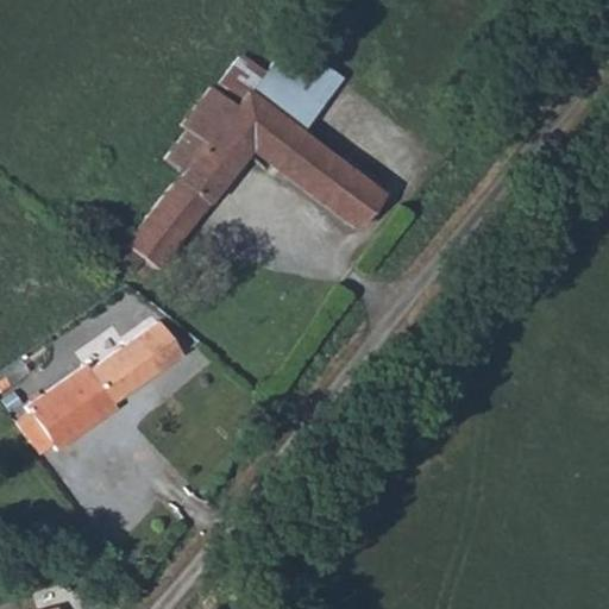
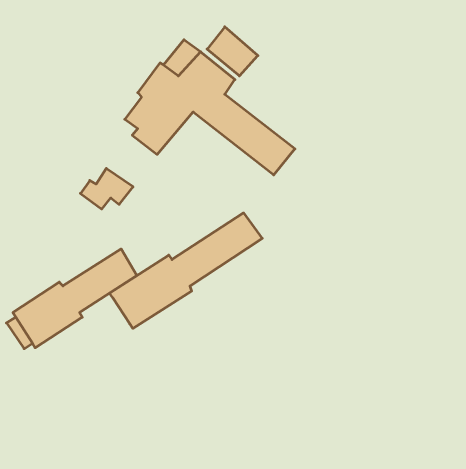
building: [145,178,211,245] -> none
building: none -> [110,213,262,328]

